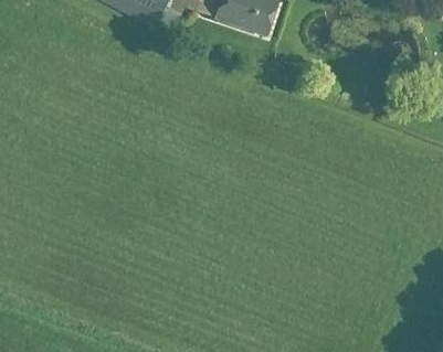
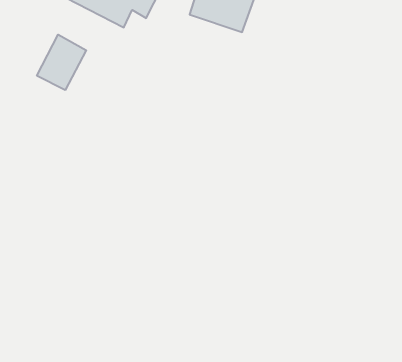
building: none -> [37,35,86,90]

